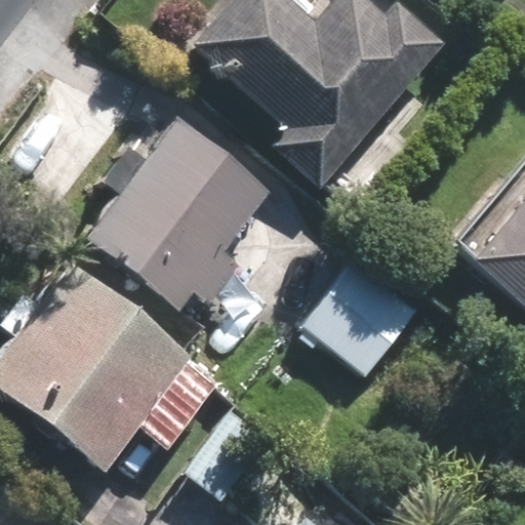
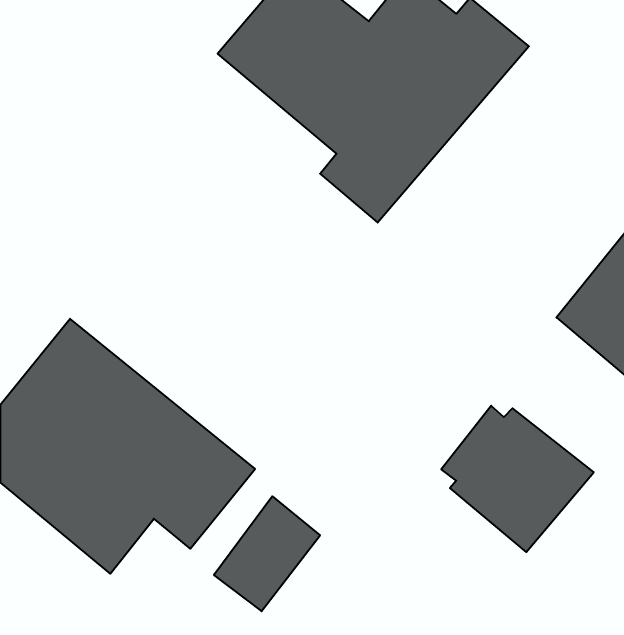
building: [84,117,273,311] -> none
building: [298,253,423,373] -> [441,406,594,552]

